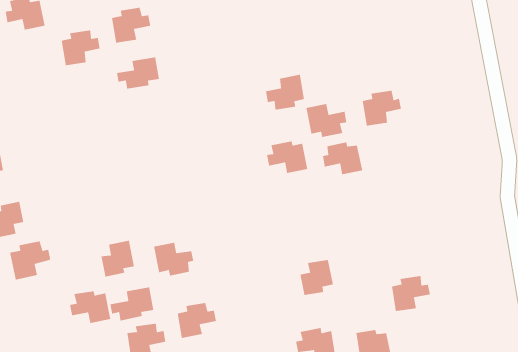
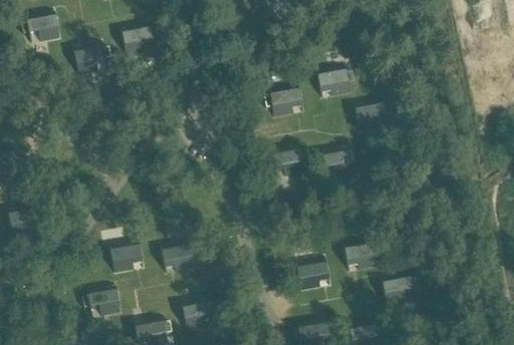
building: [116,56,160,90] -> none
building: [305,103,347,138] -> [316,65,355,97]
building: none -> [344,238,381,272]
building: [9,240,51,280] -> none
building: [109,286,154,322] -> none

